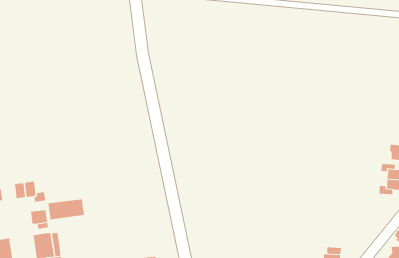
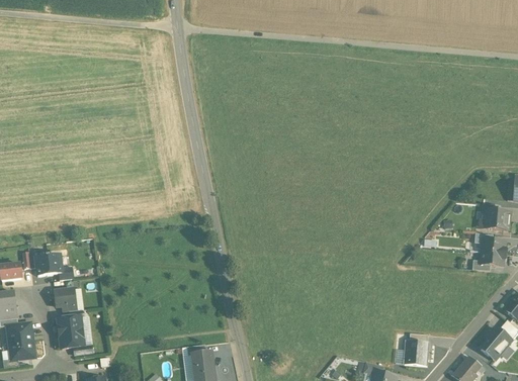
building: [48,199,85,220] -> none

